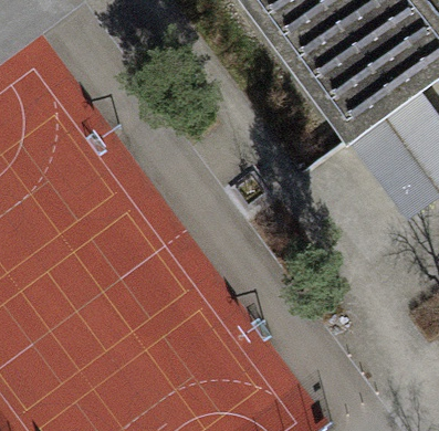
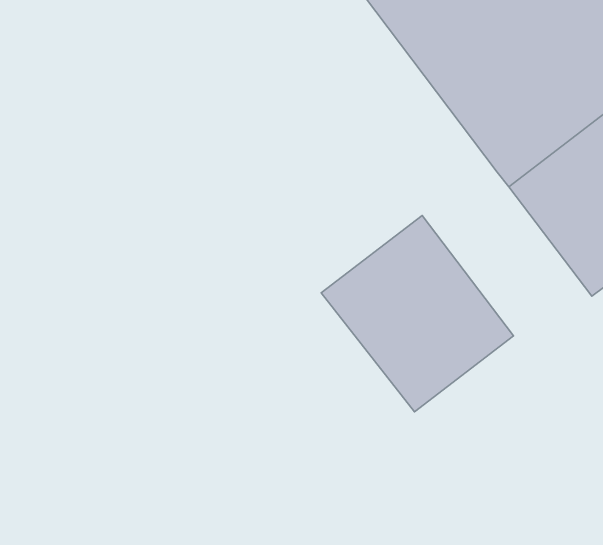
building: none -> [321,216,514,412]

